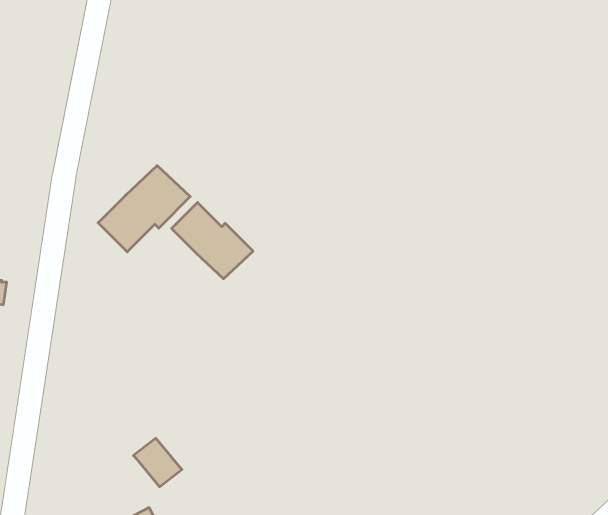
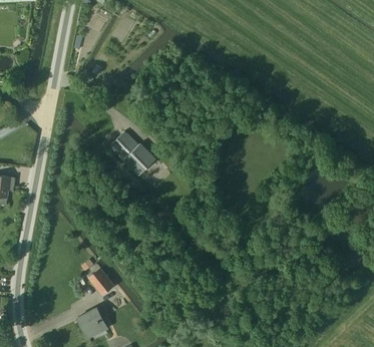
building: [98,166,190,252] -> none

